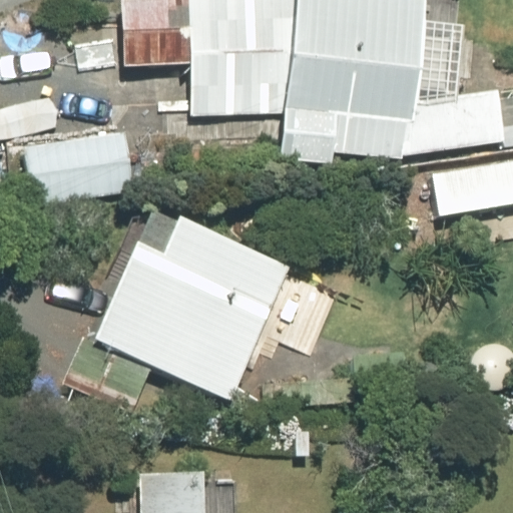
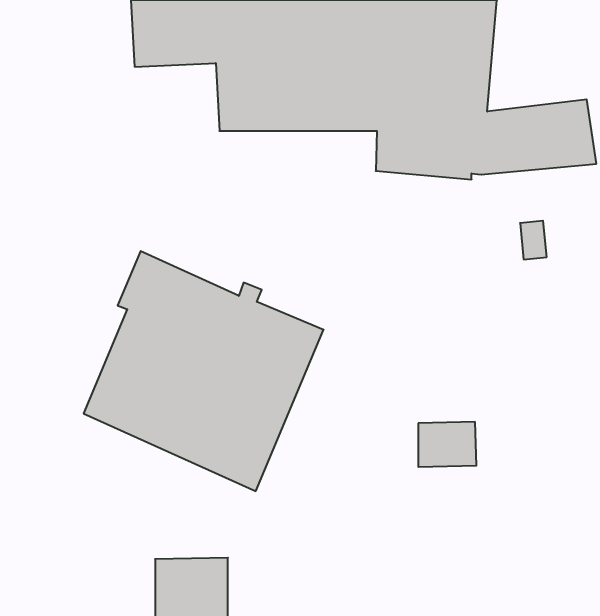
building: [28,129,139,201] -> none

